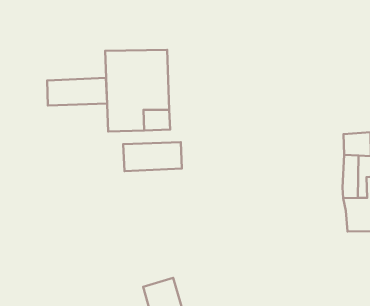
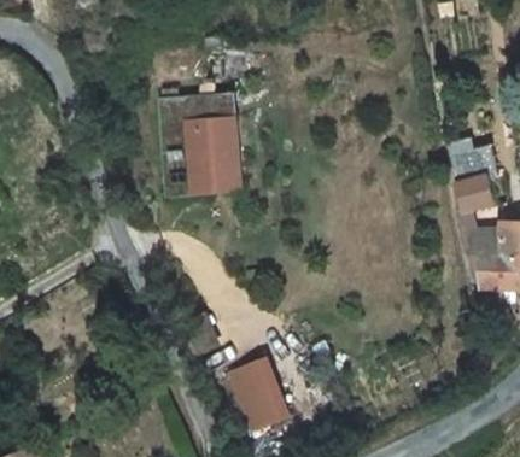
building: [47,78,107,105] -> none
building: [123,142,182,171] -> none

